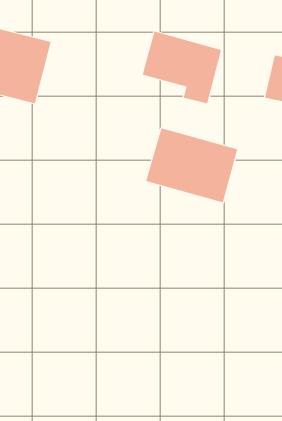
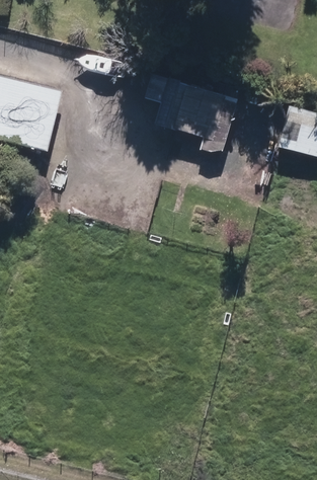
building: [146,128,238,203] -> none

